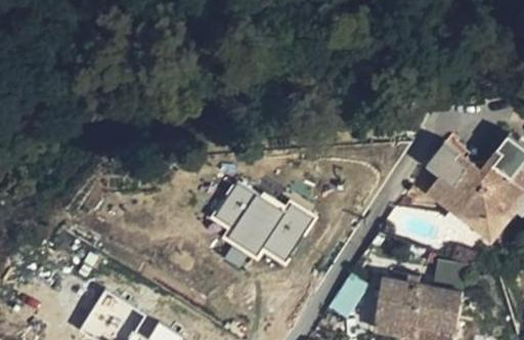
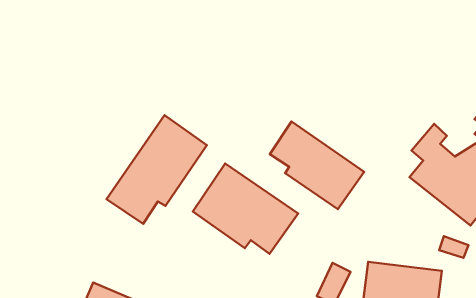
building: none -> [106,115,207,224]
building: none -> [270,122,364,209]

